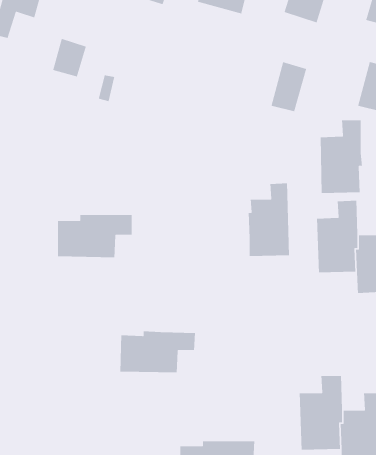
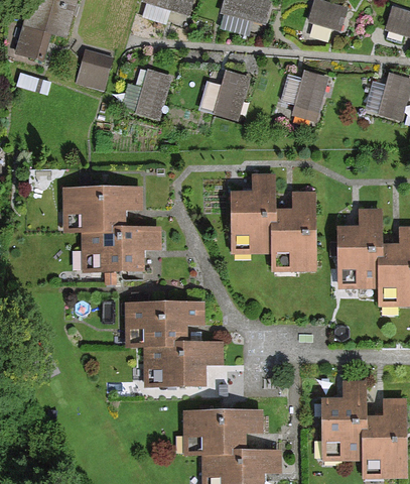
building: none -> [215,70,251,120]
building: none -> [136,71,172,120]
building: [320,120,363,194] -> [232,174,274,248]
building: none -> [65,186,137,229]
building: none -> [125,300,199,343]
building: none -> [185,409,258,452]

